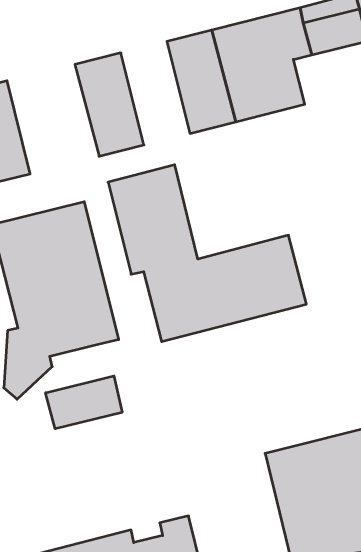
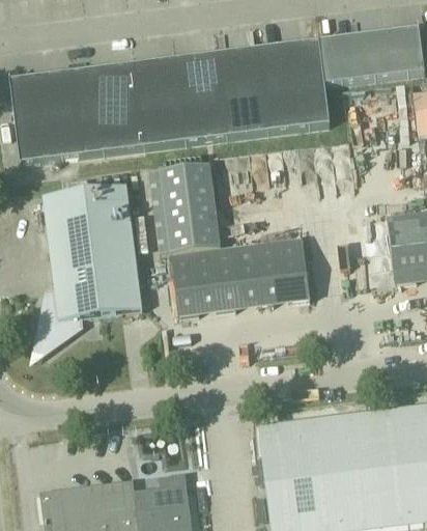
building: none -> [174,54,226,142]
building: none -> [72,64,144,156]
building: [46,376,122,429] -> none

